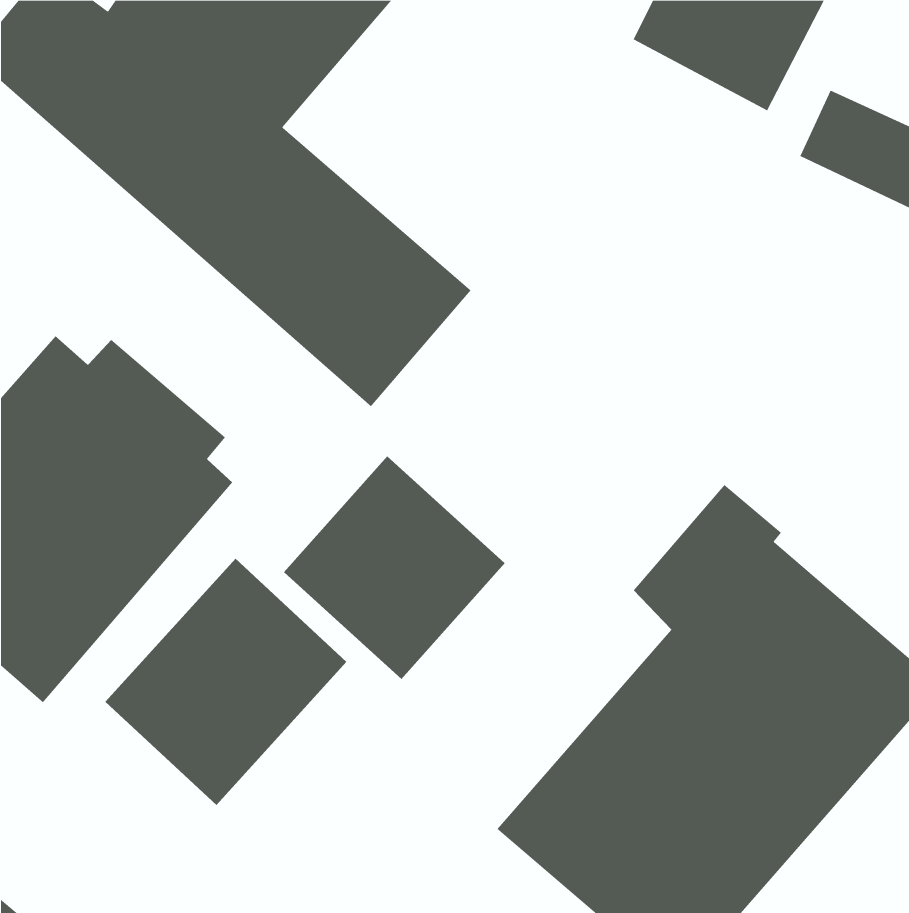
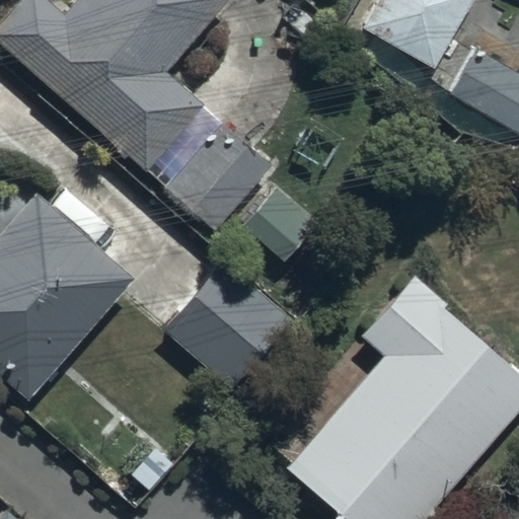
building: [105,558,347,806] -> none

